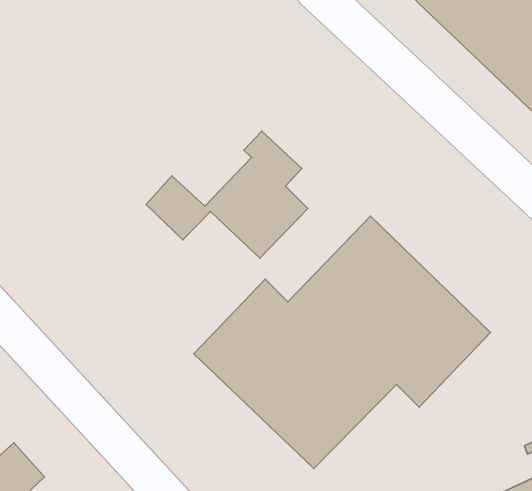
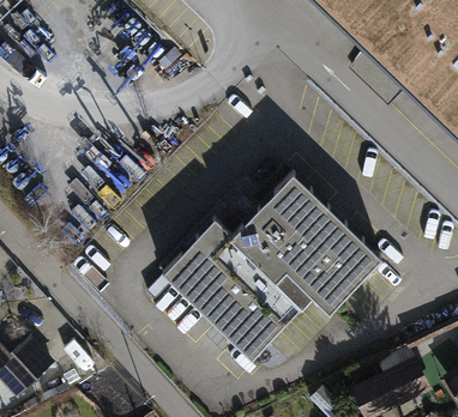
building: [146,131,308,258] -> none

